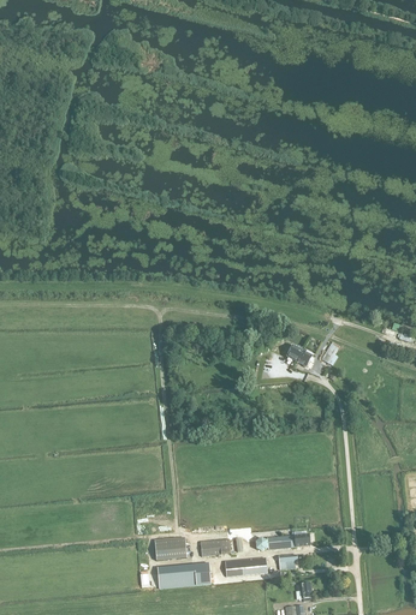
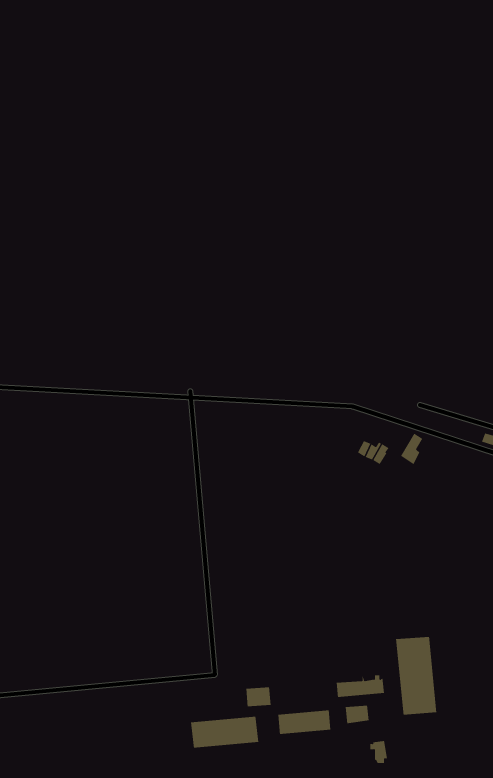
building: none -> [396,636,437,715]
building: [154,537,185,560] -> none

